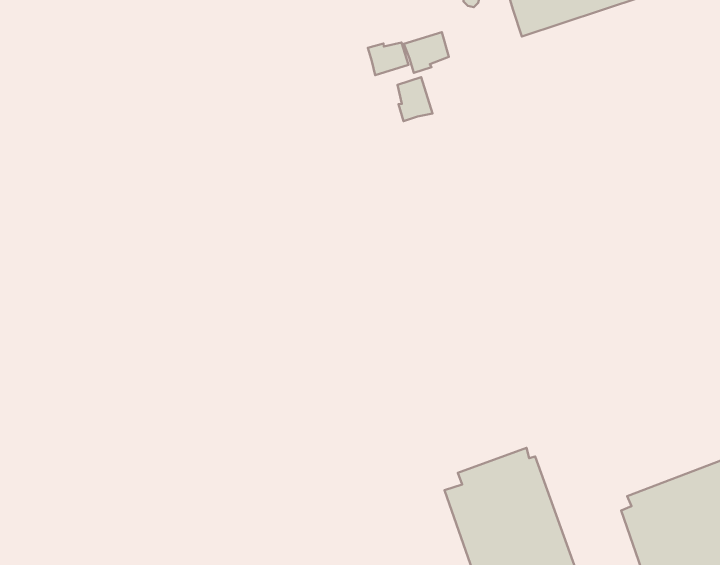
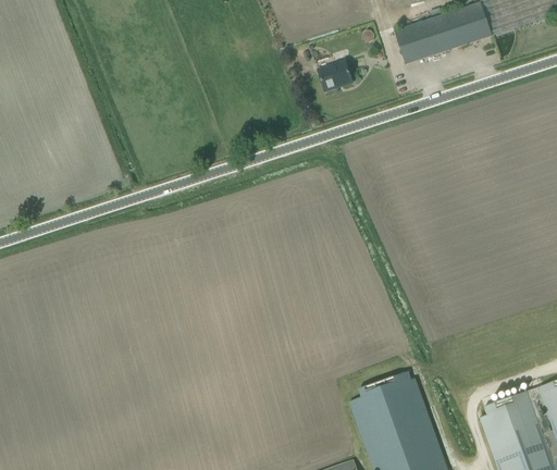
building: [368,42,409,75] -> none
building: [397,77,432,121] -> none

